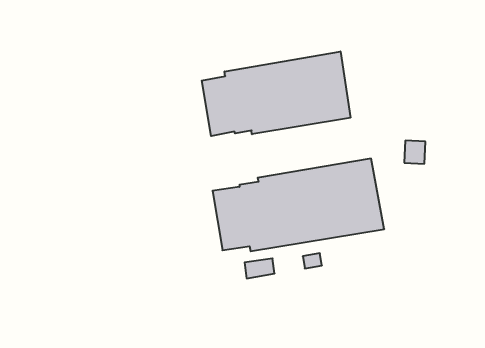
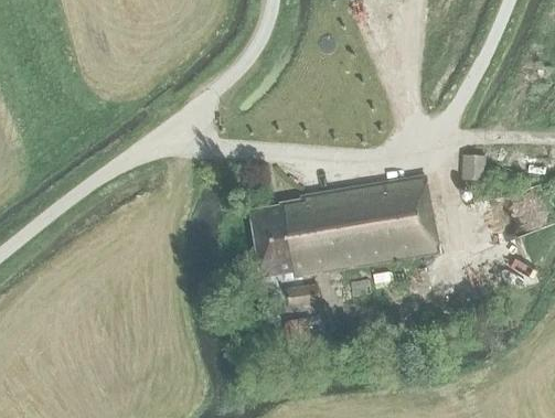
building: [202,51,350,136] -> none

